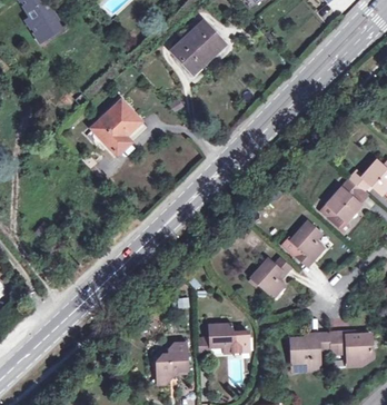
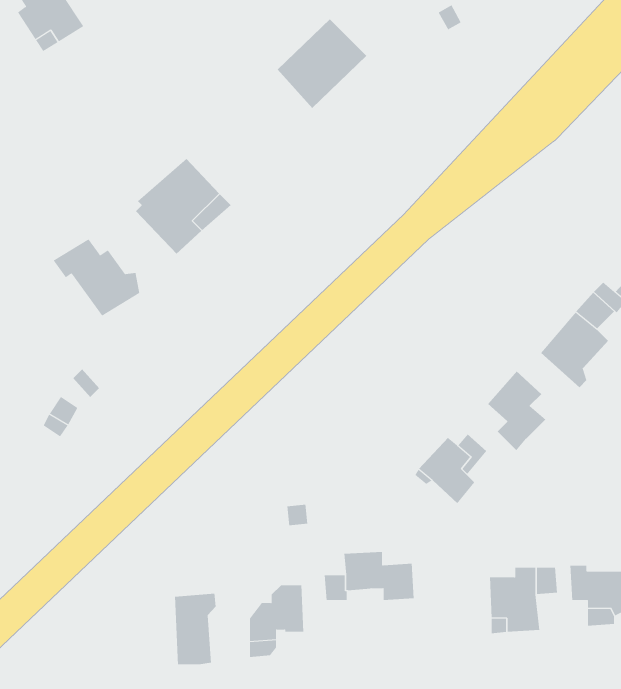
building: none -> [53,238,140,317]
building: none -> [175,593,216,665]

